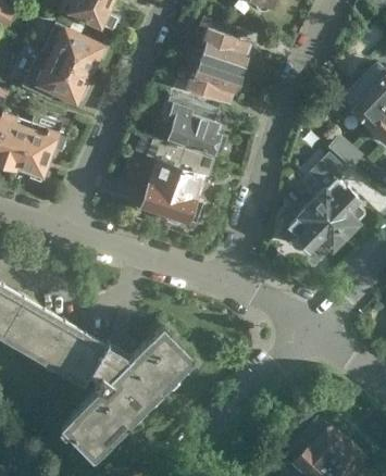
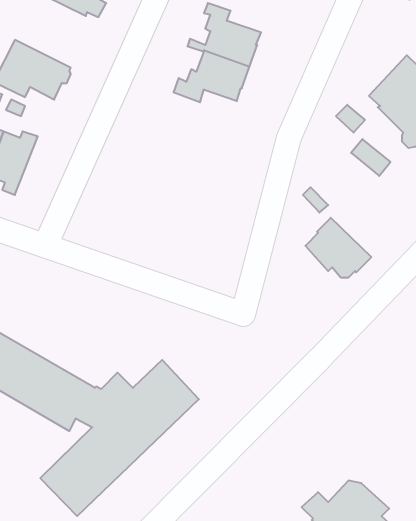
building: [42,25,101,75] -> none
building: [159,93,224,155] -> none
building: [138,138,214,225] -> none
building: [310,153,369,237] -> none

